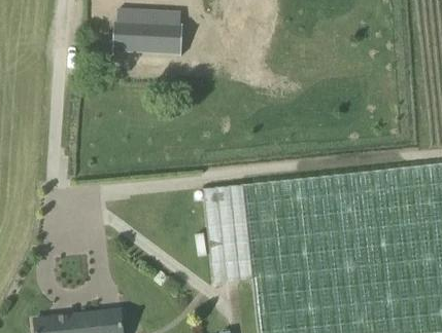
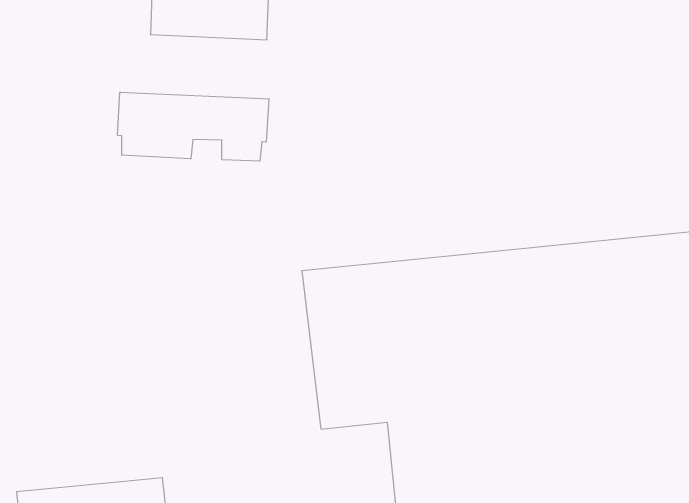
building: none -> [117,92,269,161]

